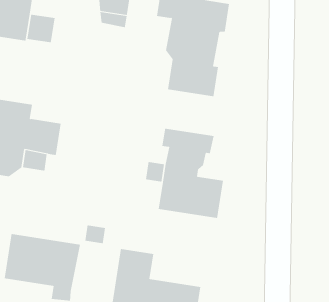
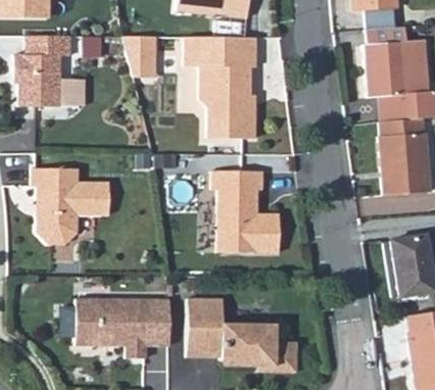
building: none -> [144,300,170,348]

